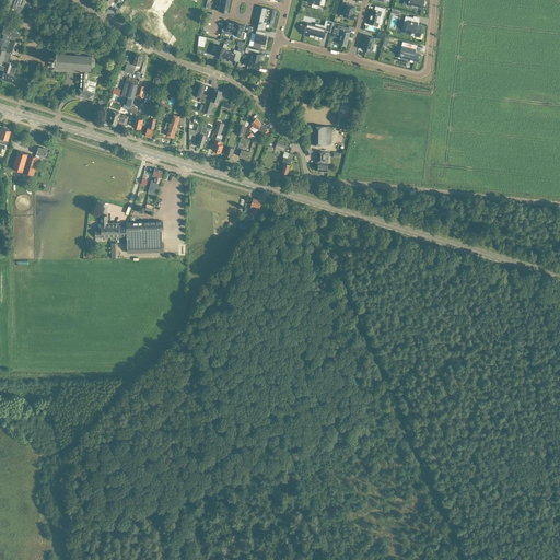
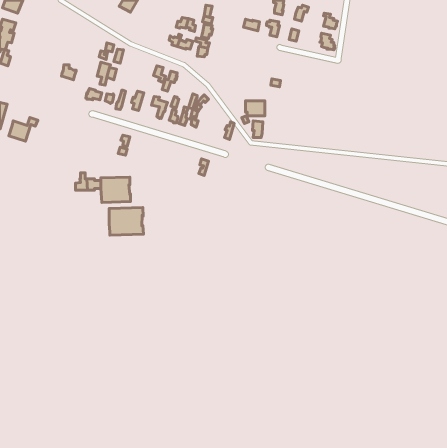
building: [47,49,94,72] -> none
building: none -> [109,208,143,235]

